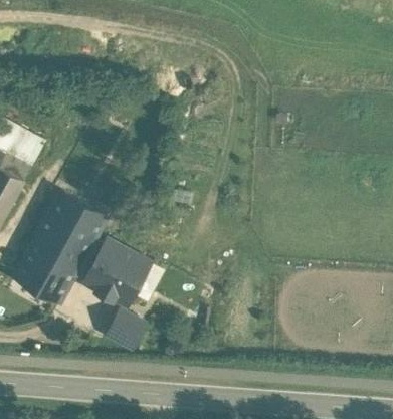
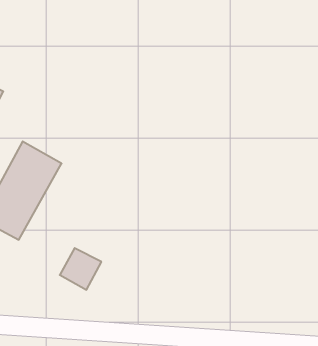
building: [80,236,154,310] -> none

